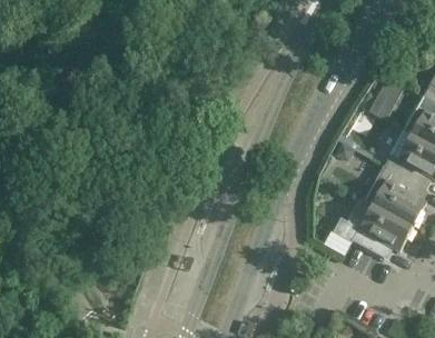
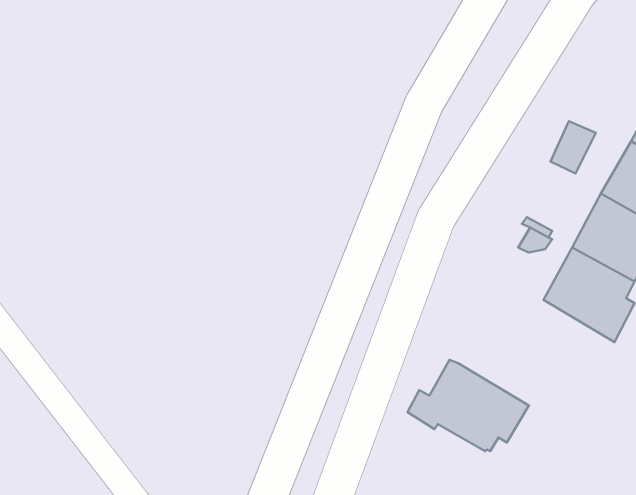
building: [334,197,414,257] -> [407,360,529,451]

